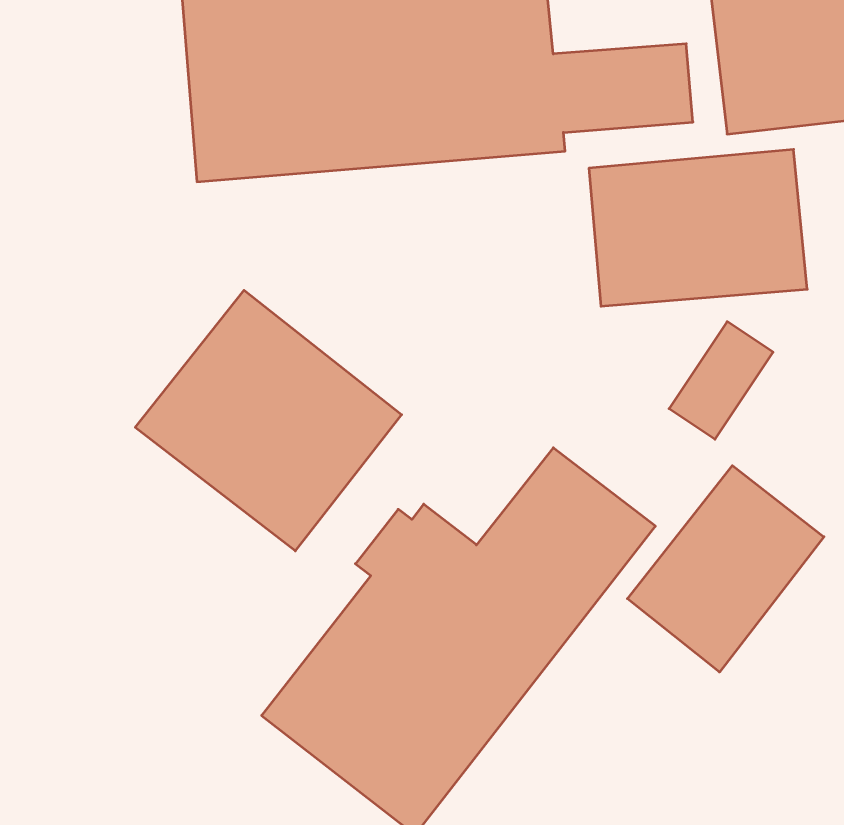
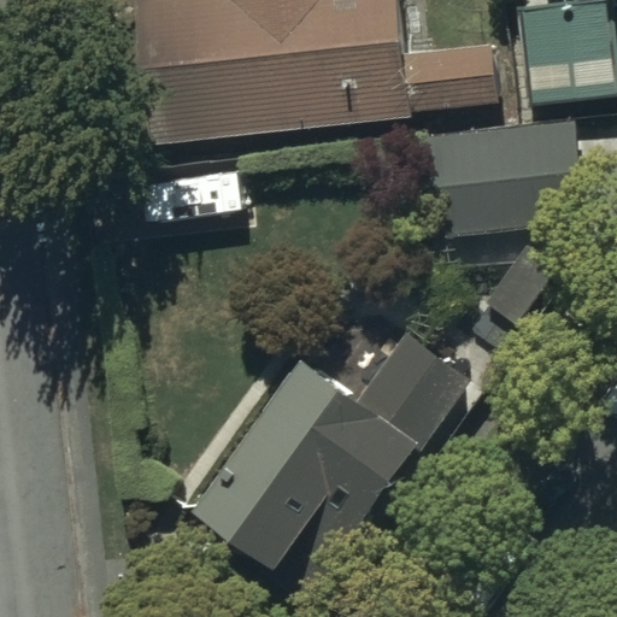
building: [135,290,402,551] -> none
building: [627,466,824,672] -> none

